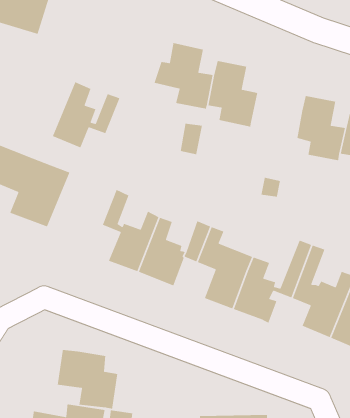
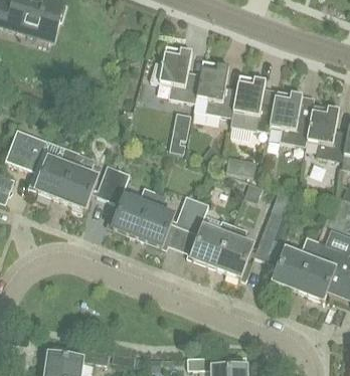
building: none -> [229,76,274,133]
building: [52,81,120,149] -> [61,155,119,211]
building: [57,349,118,409] -> none

